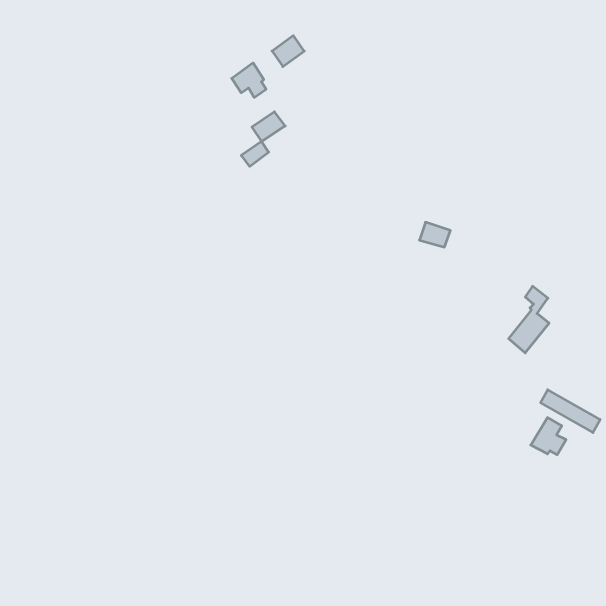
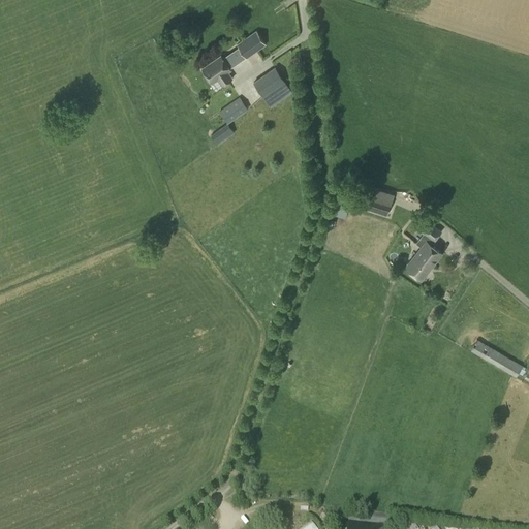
building: none -> [253,68,284,97]
building: [509,286,549,353] -> [405,220,440,278]
building: [531,418,566,455] -> none

